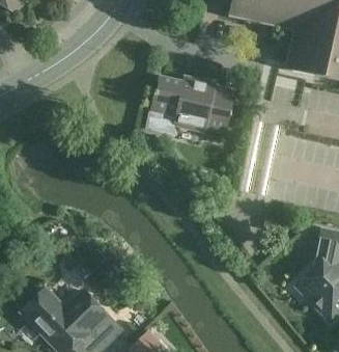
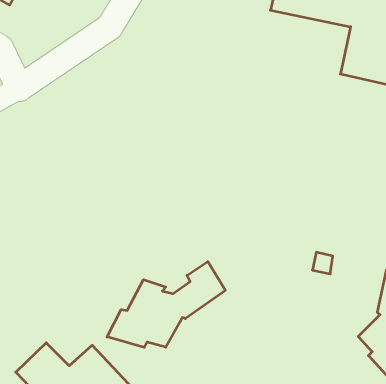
building: [150,76,235,133] -> none
building: none -> [107,262,225,347]

